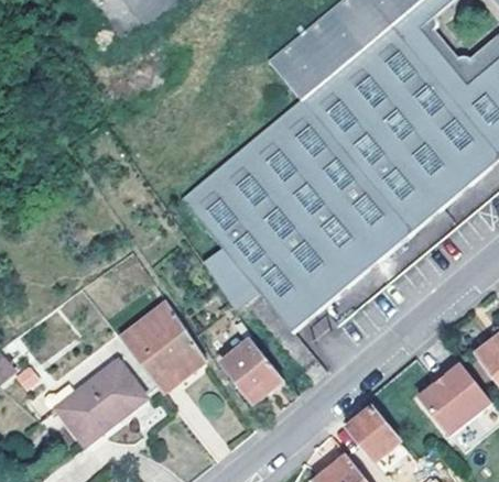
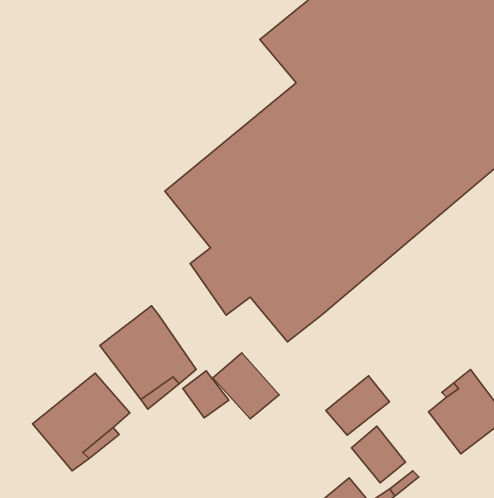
building: none -> [183,371,229,418]
building: none -> [326,376,390,435]

